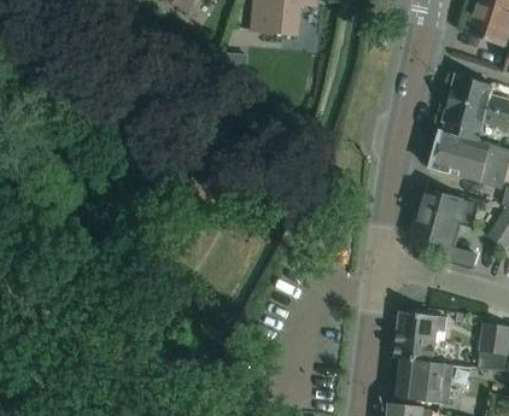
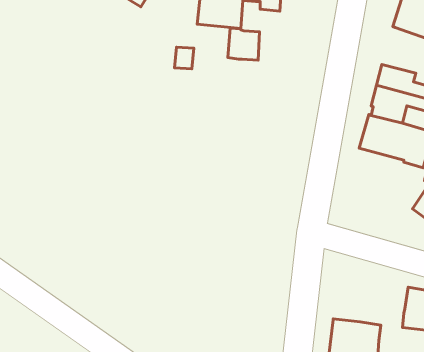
building: none -> [228,28,260,60]
building: [410,189,478,245] -> none
building: [394,310,446,361] -> none

